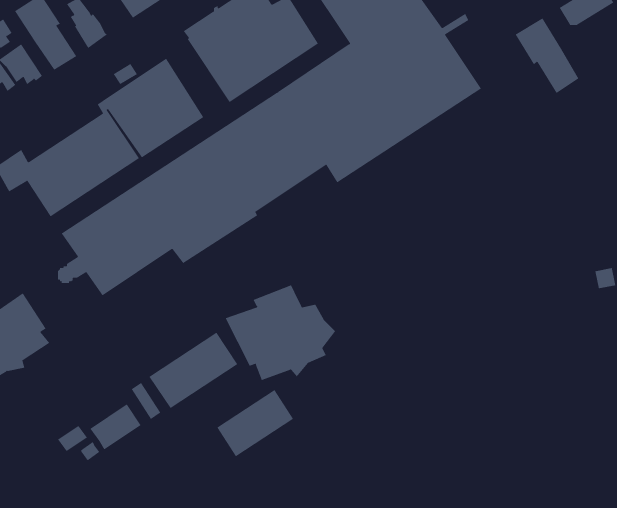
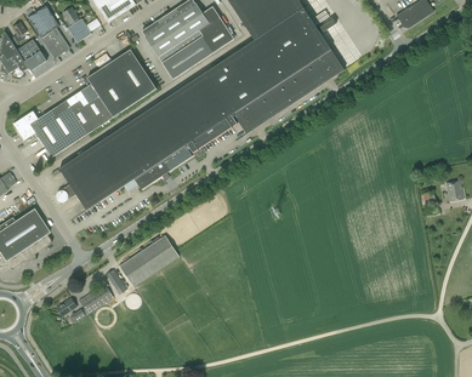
building: [515,17,579,94] -> none
building: [225,284,336,381] -> none
building: [216,389,294,457] -> none

